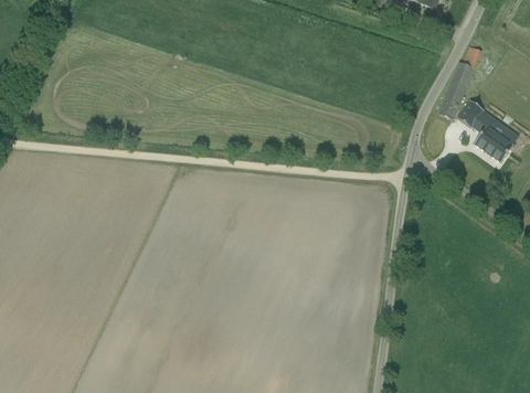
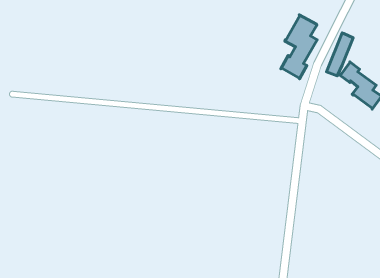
building: none -> [281,15,317,79]

